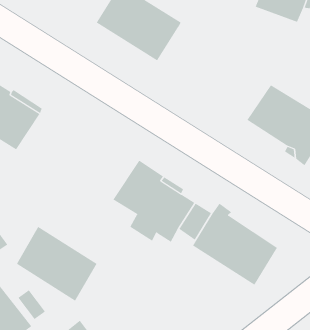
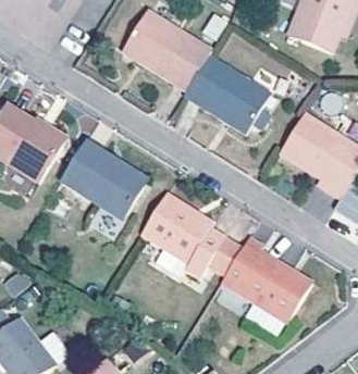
building: none -> [184,54,271,132]
building: [16,226,98,302] -> [62,140,147,219]

